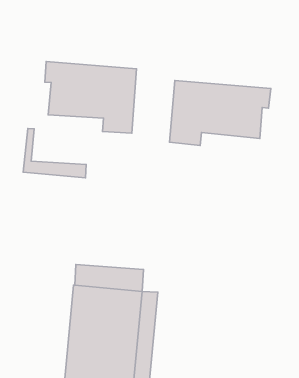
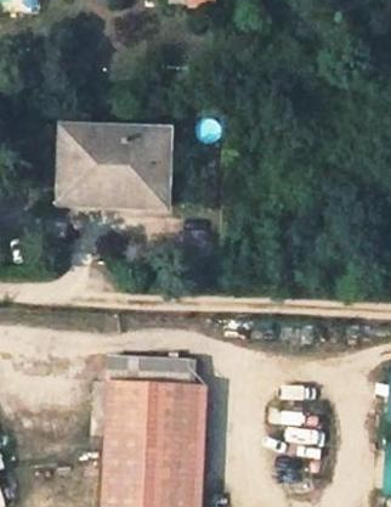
building: [169,81,271,146] -> none
building: [23,129,86,178] -> [57,153,130,207]

